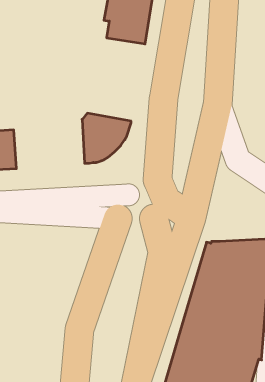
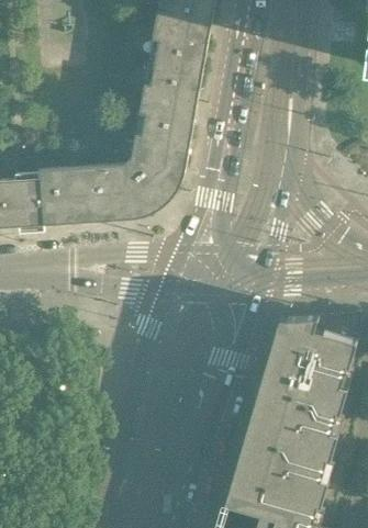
building: none -> [127,65,200,169]
building: none -> [34,167,124,228]

